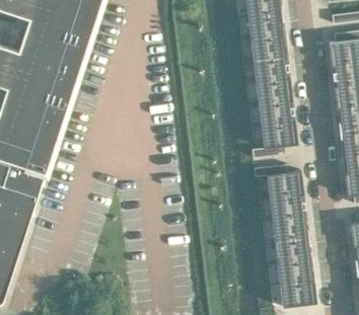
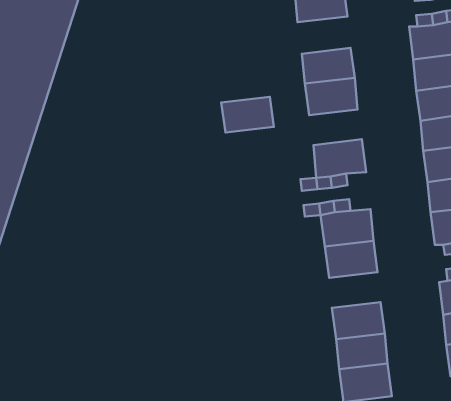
building: [249,34,287,61] -> none
building: [258,100,295,126] -> [221,97,274,132]
building: [272,216,308,241] -> none

